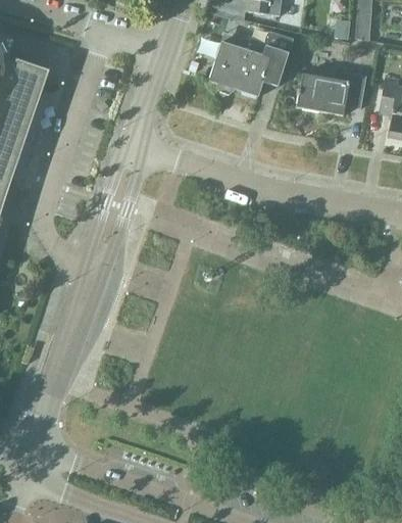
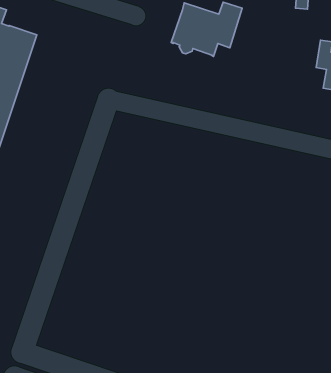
building: [296,68,365,114] -> none

